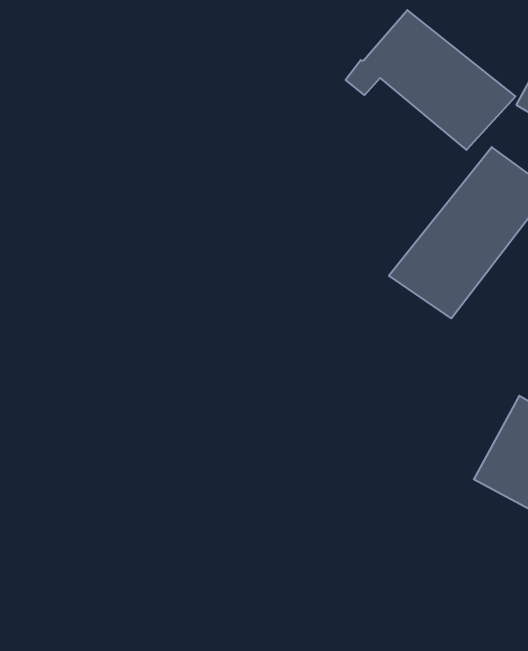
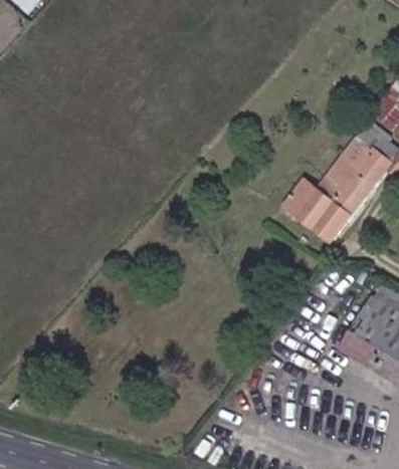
building: [346,10,515,150] -> none

